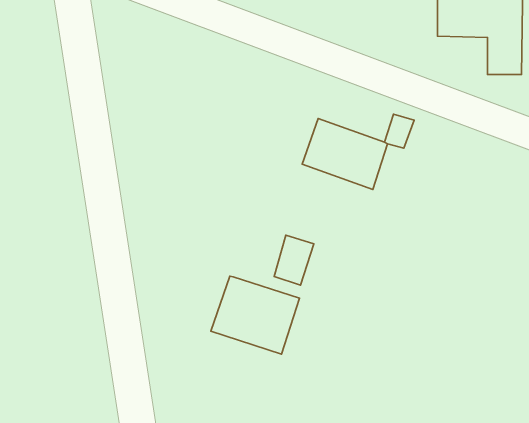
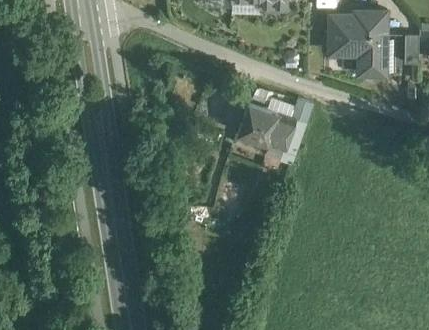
building: [211,276,300,354] -> none

